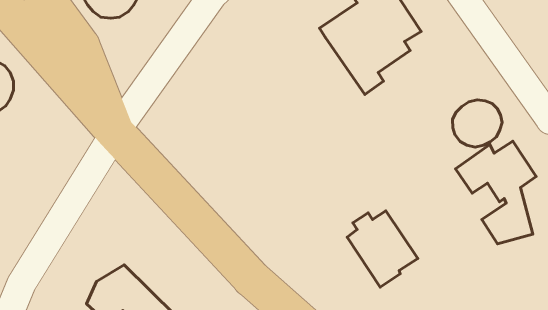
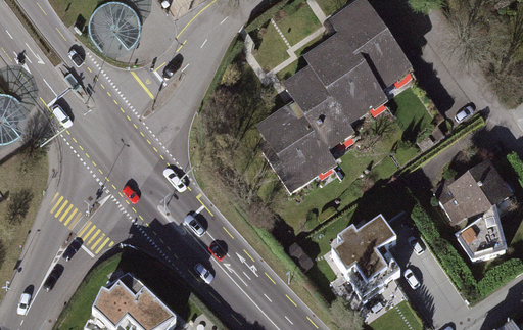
building: none -> [262,68,351,191]
building: [453,100,502,147] -> none

